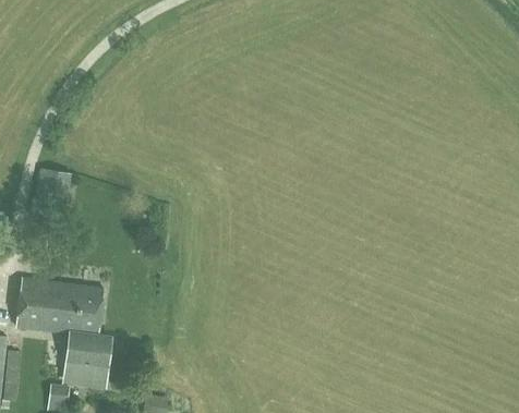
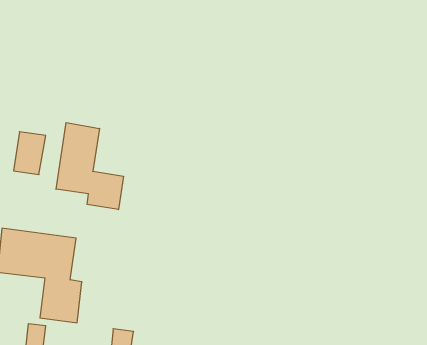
building: none -> [56,123,123,210]

